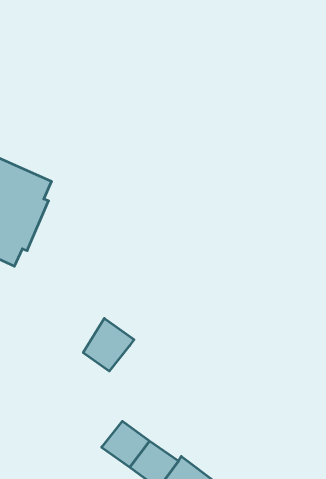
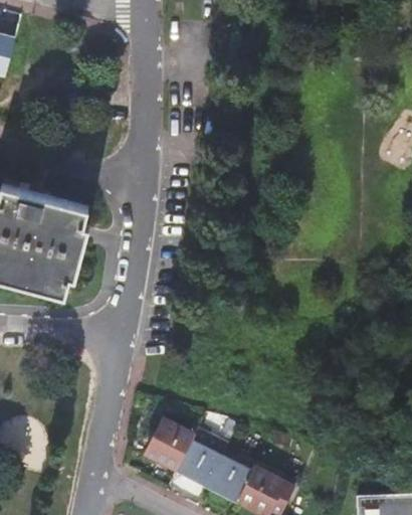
building: [83,318,134,371] -> [146,417,193,468]

